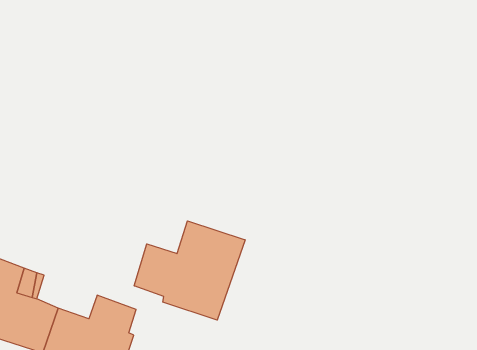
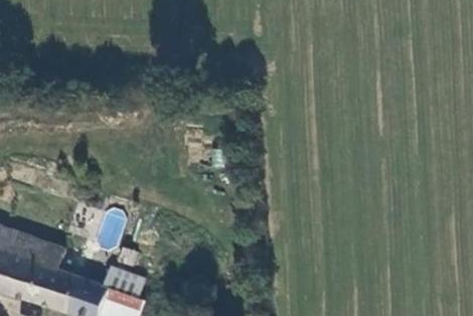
building: [134,221,245,320] -> none

